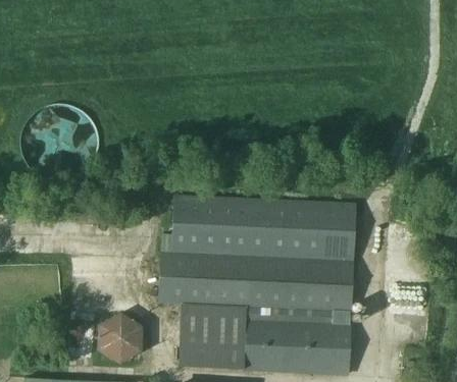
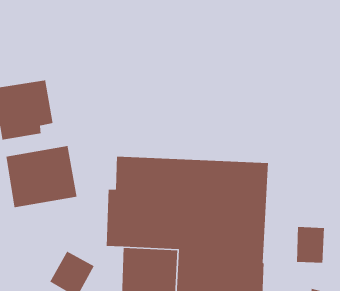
building: none -> [5,145,77,208]
building: none -> [296,226,325,263]

